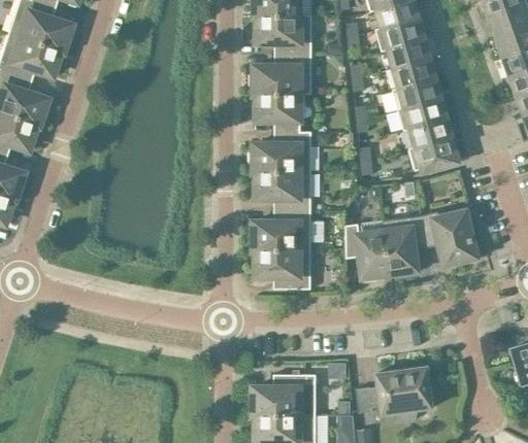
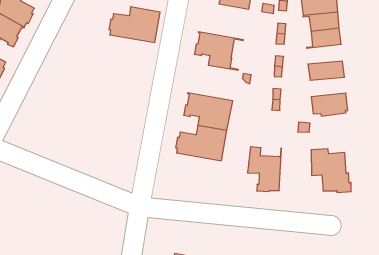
building: [252,54,311,93] -> [109,7,160,43]
building: [392,77,439,109] -> none
building: [403,117,451,149] -> none
building: [251,132,311,171] -> none
building: [383,215,426,273] -> none
building: [253,248,310,288] -> none

